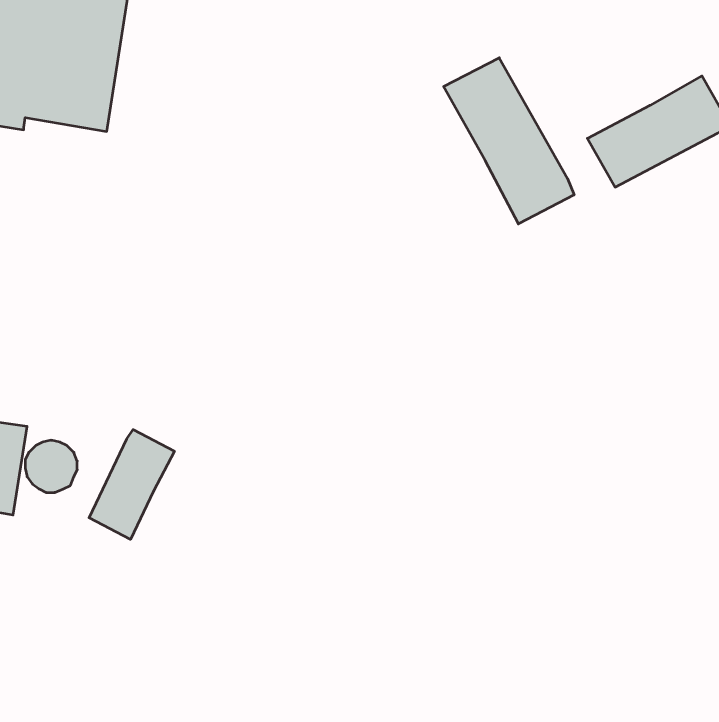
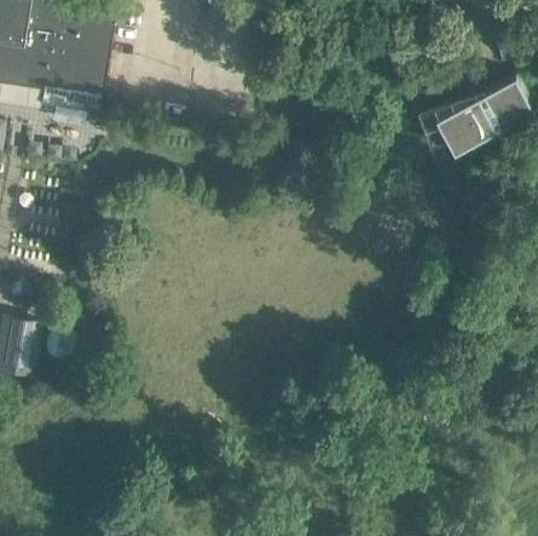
building: [444,58,574,224] -> none
building: [89,430,174,539] -> none

